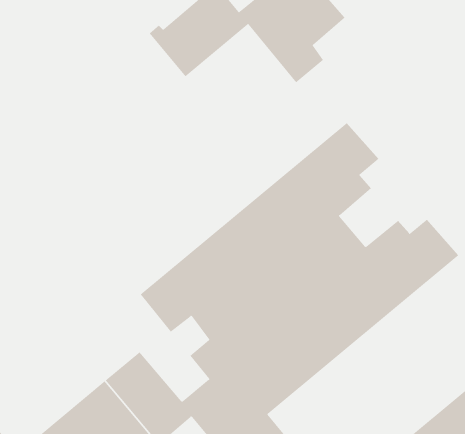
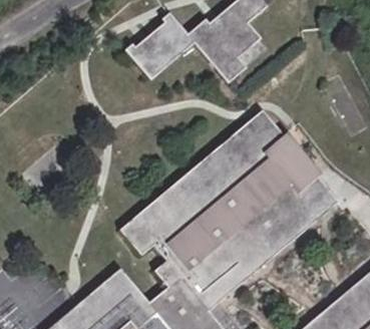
building: none -> [258,136,318,197]

